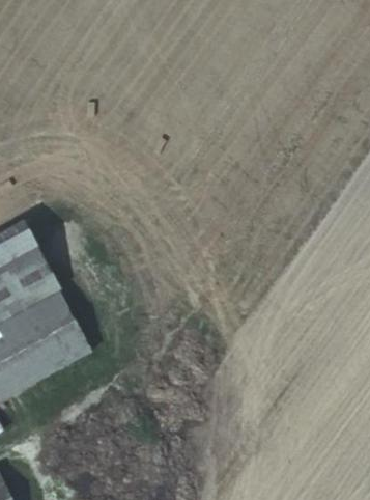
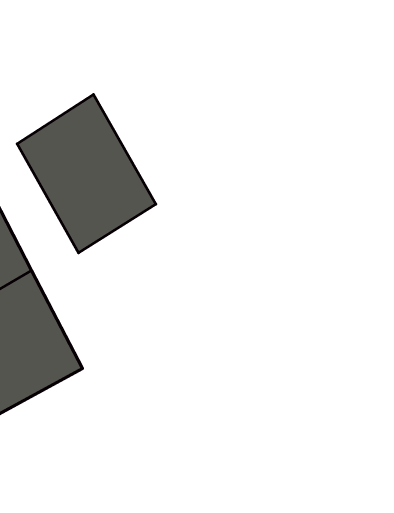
building: none -> [17,95,156,253]

